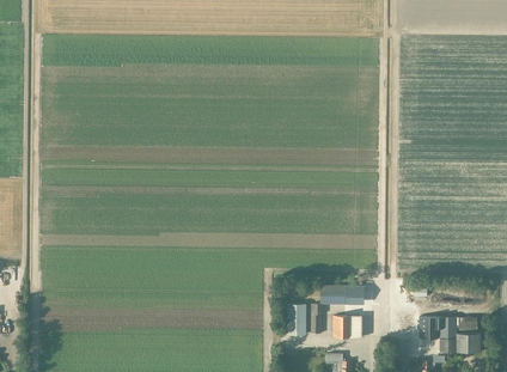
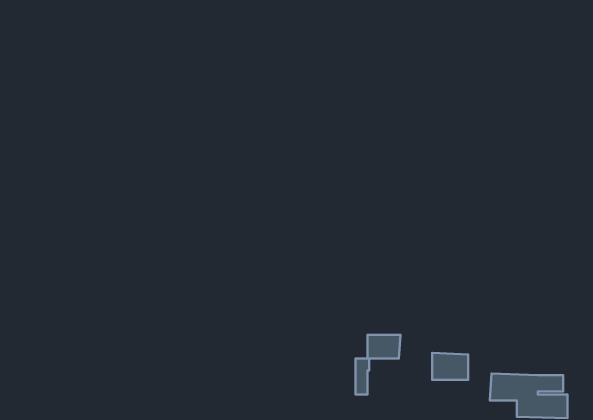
building: [287,304,306,334] -> none
building: [332,315,361,336] -> [432,353,468,380]

